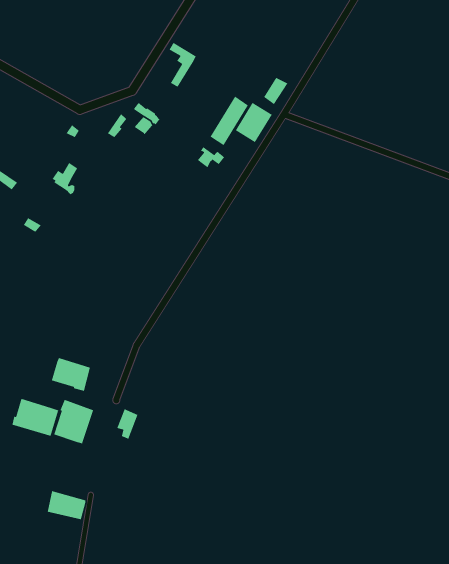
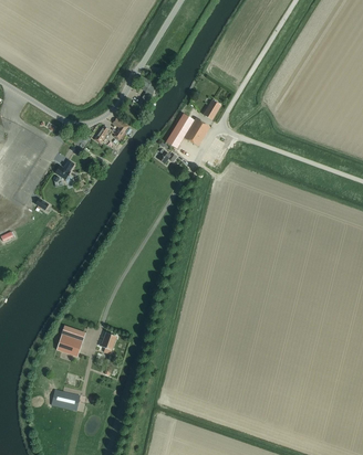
building: [51,357,91,392] -> none
building: [12,398,60,437] -> none

